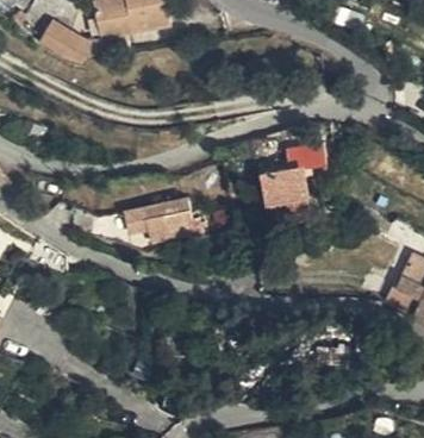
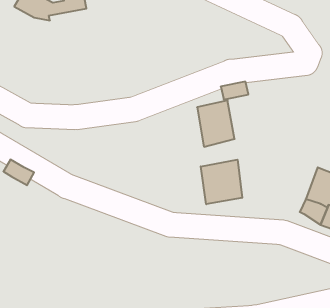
building: [144,193,201,233] -> none
building: none -> [201,160,242,204]

